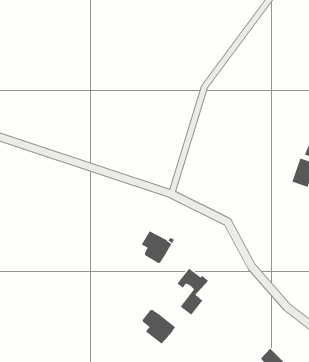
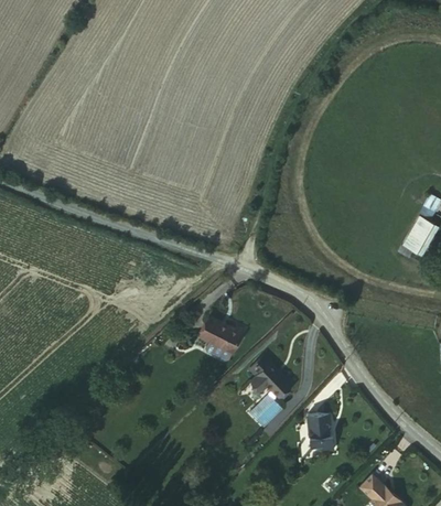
building: none -> [308,410,334,448]
building: [142,309,176,345] -> none

